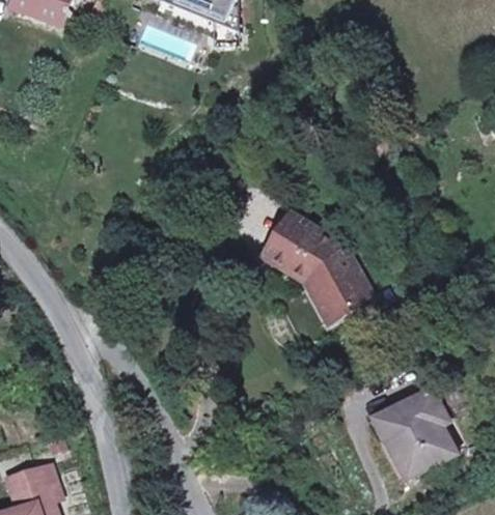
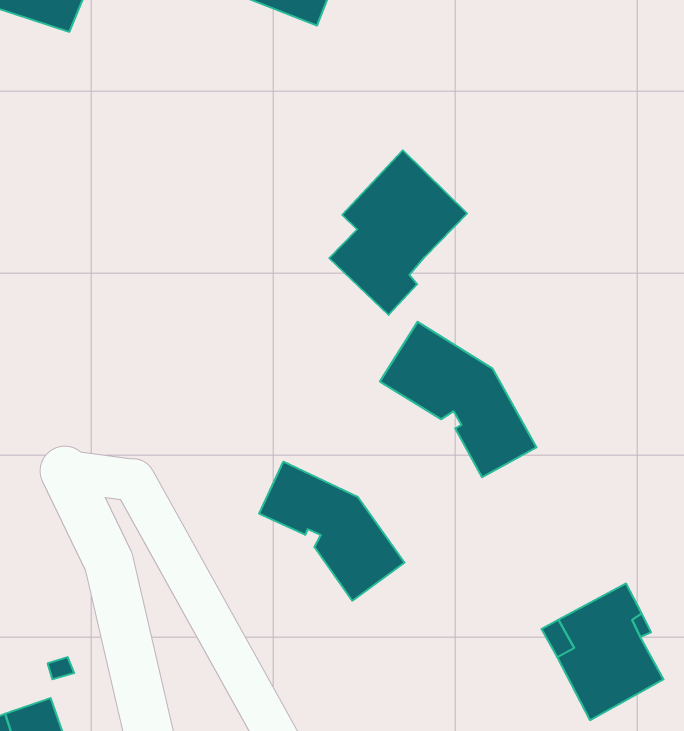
building: none -> [329,150,467,315]
building: none -> [259,462,405,601]

